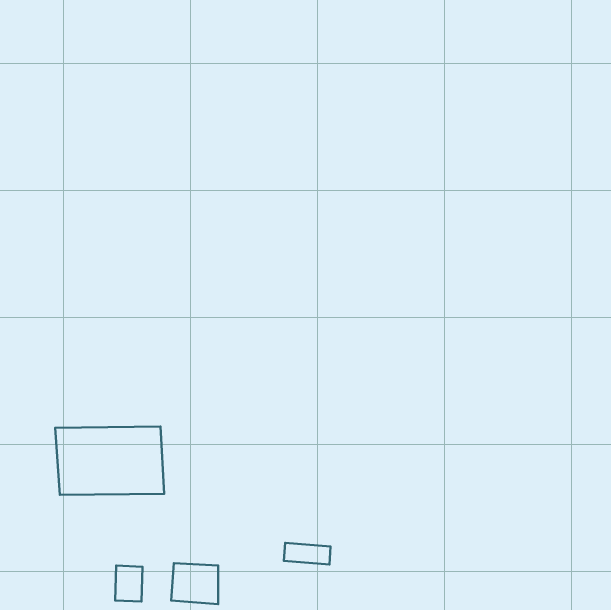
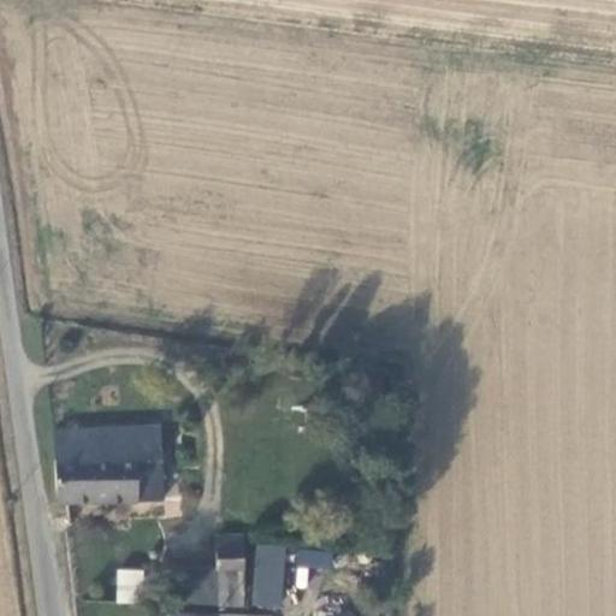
building: none -> [220,537,247,610]
building: none -> [256,547,282,609]

